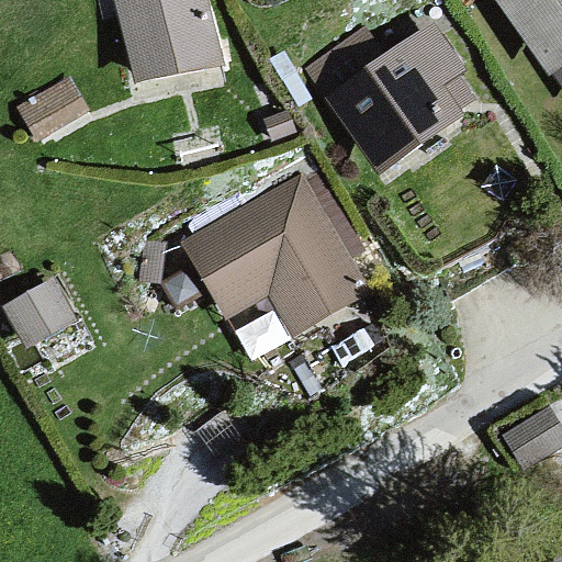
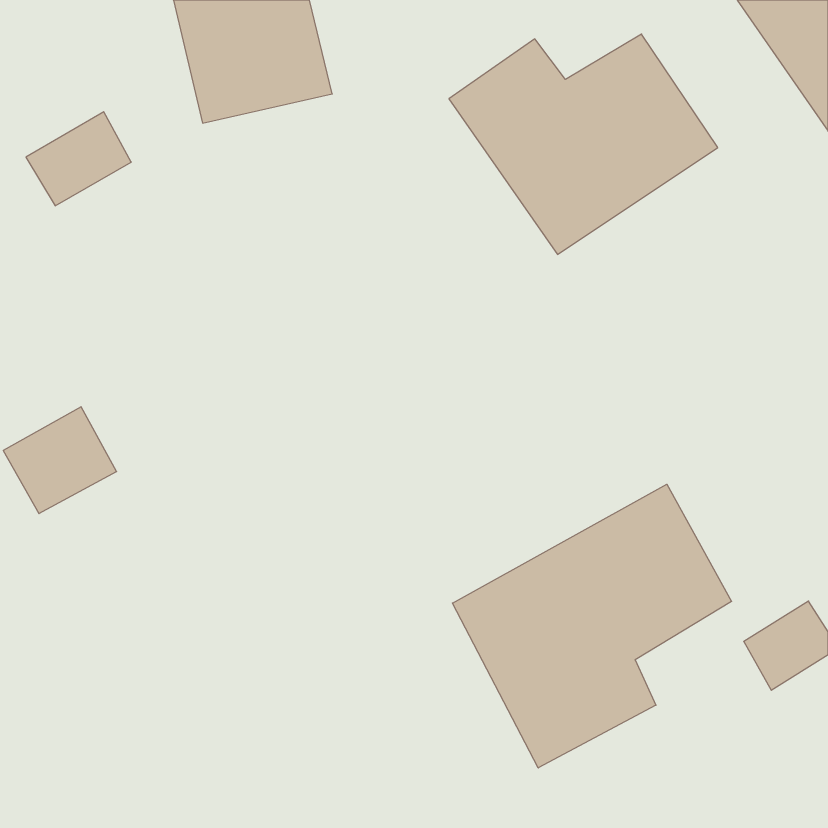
building: [181,175,370,336] -> none
building: none -> [452,484,732,768]

